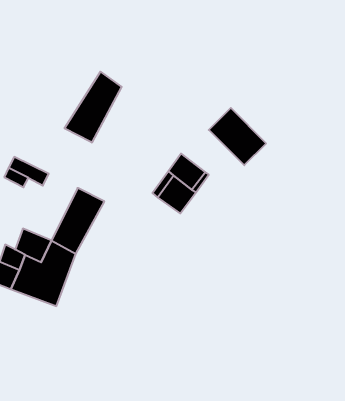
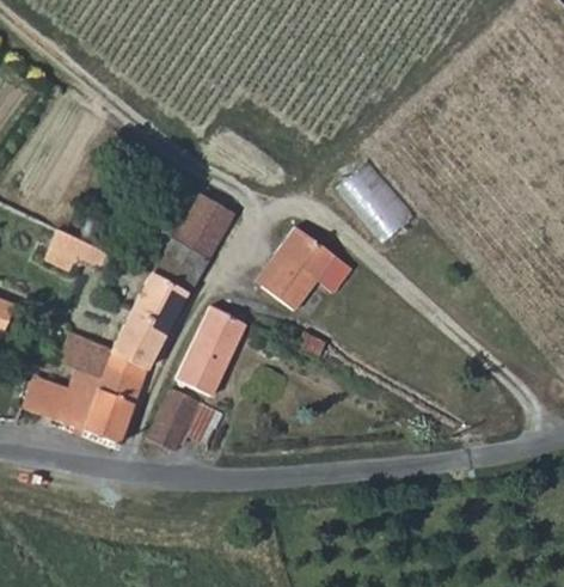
building: [64,72,122,142] -> [151,195,232,295]
building: none -> [177,306,246,395]
building: none -> [149,387,201,451]

